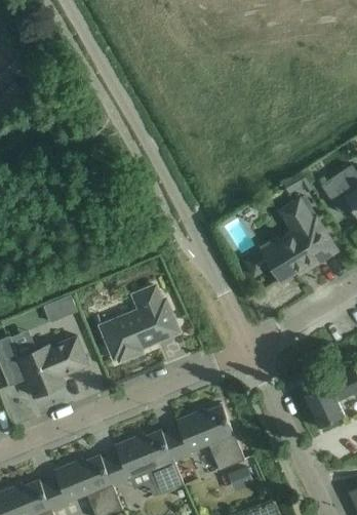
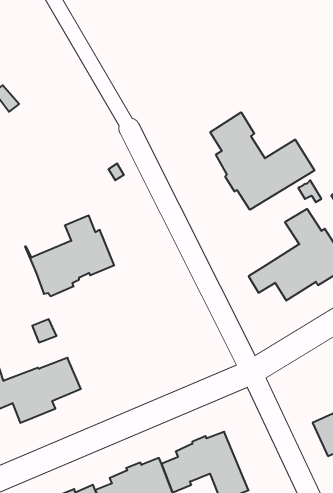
building: none -> [210,112,314,210]
building: [96,286,180,361] -> [25,216,114,296]

